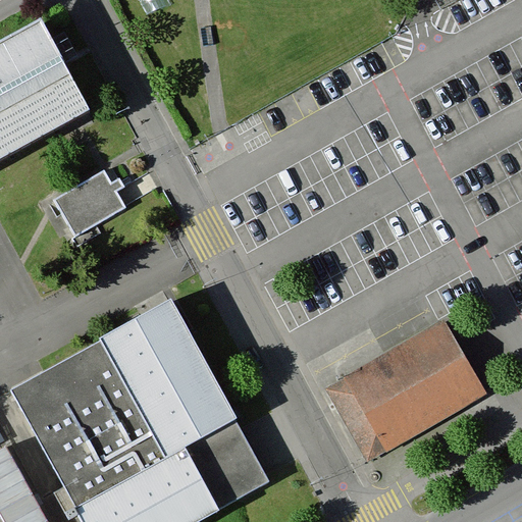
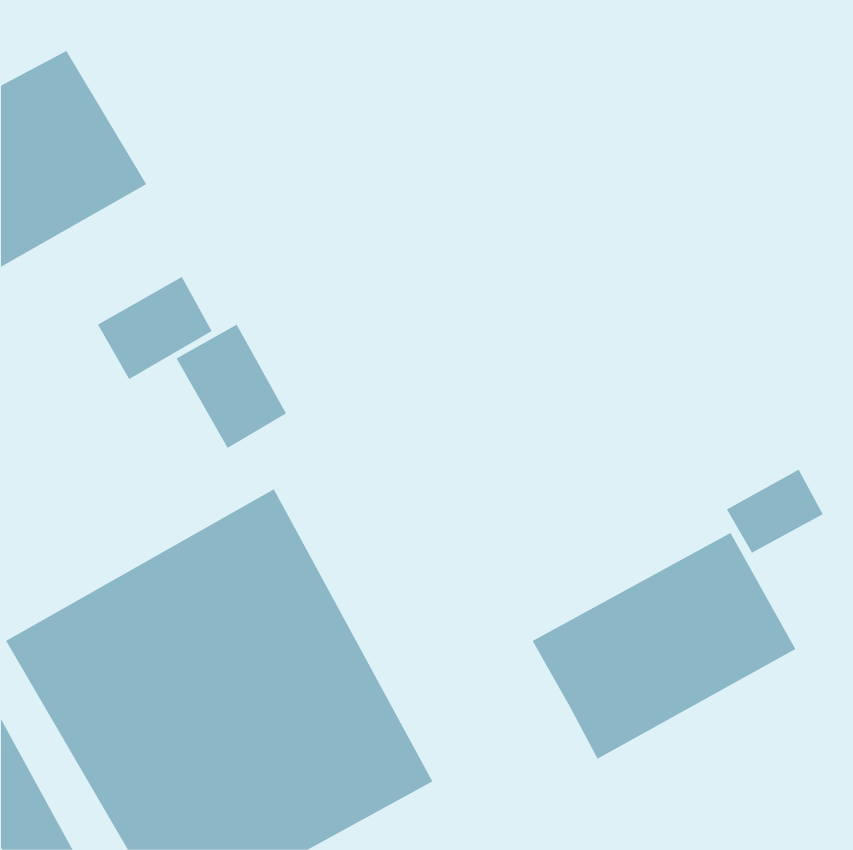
building: none -> [176,324,287,449]
building: none -> [726,469,824,554]

